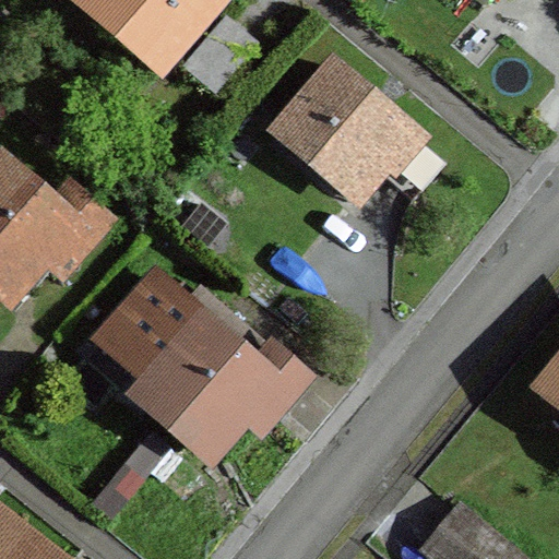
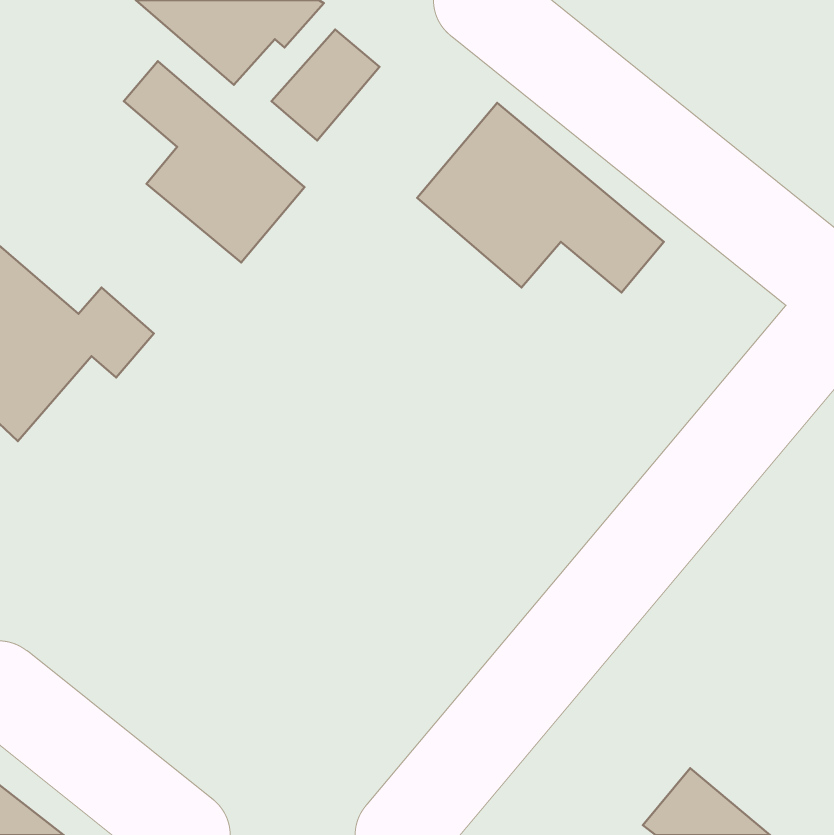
building: none -> [124,61,305,262]
building: [108,284,304,453] -> none

